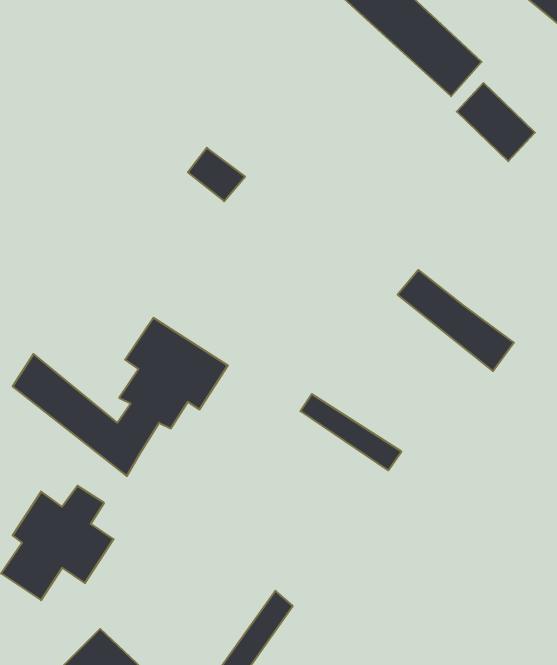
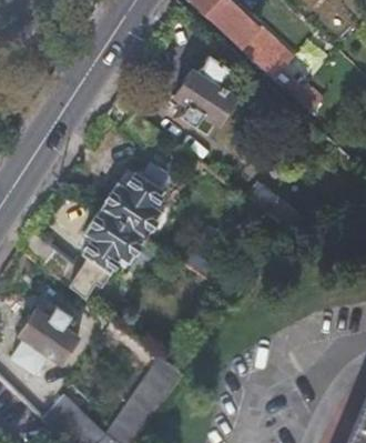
building: none -> [175,58,234,124]
building: none -> [102,157,170,234]

